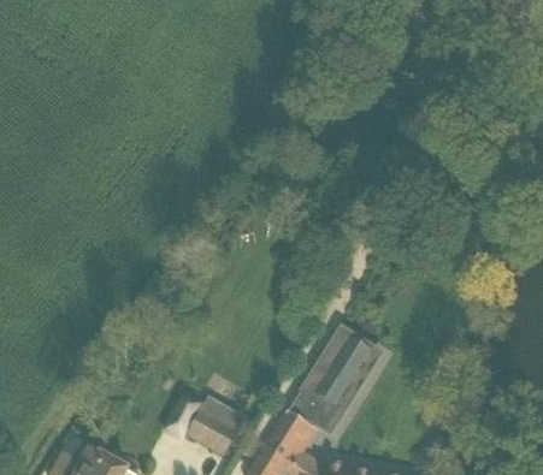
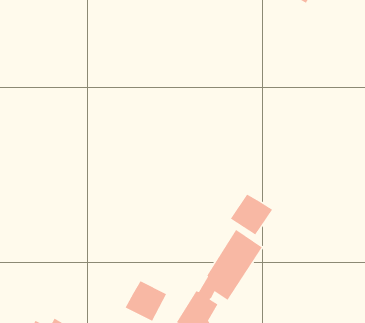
building: none -> [230,193,273,235]

